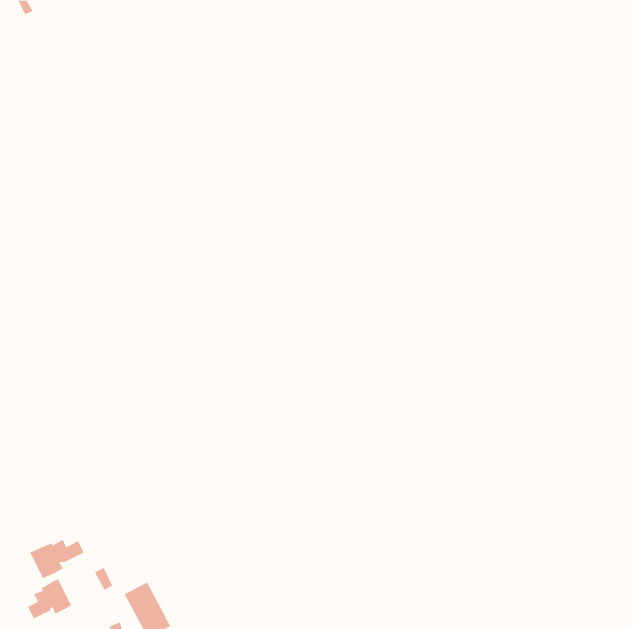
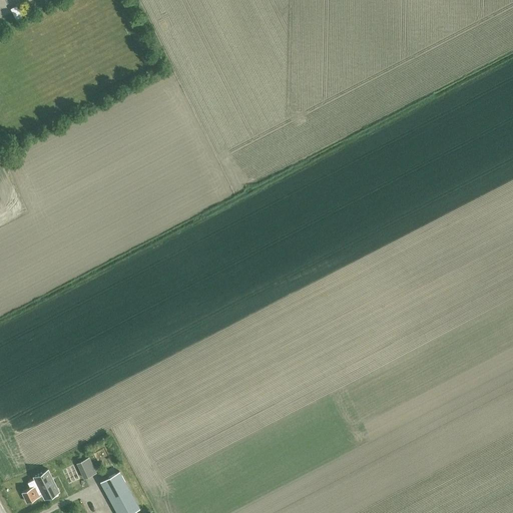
building: [29,539,84,579] -> none

